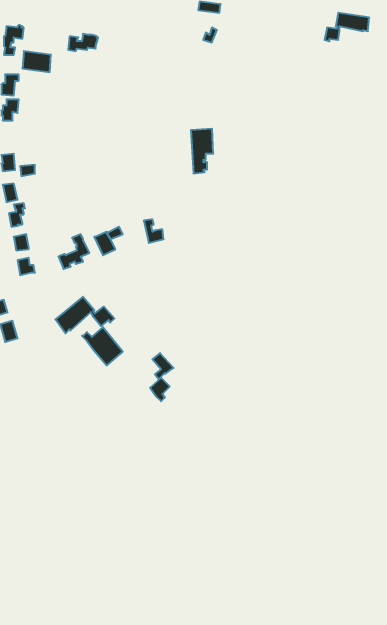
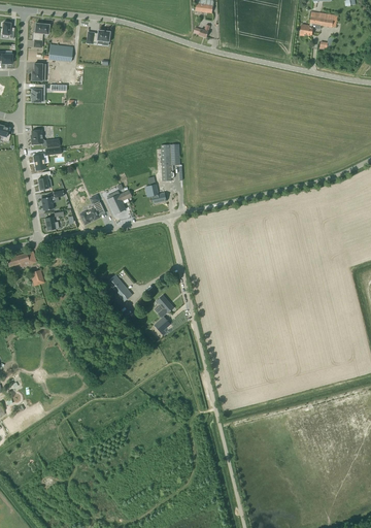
building: [191,129,213,173] -> [161,143,179,180]
building: [55,297,114,333] -> none

